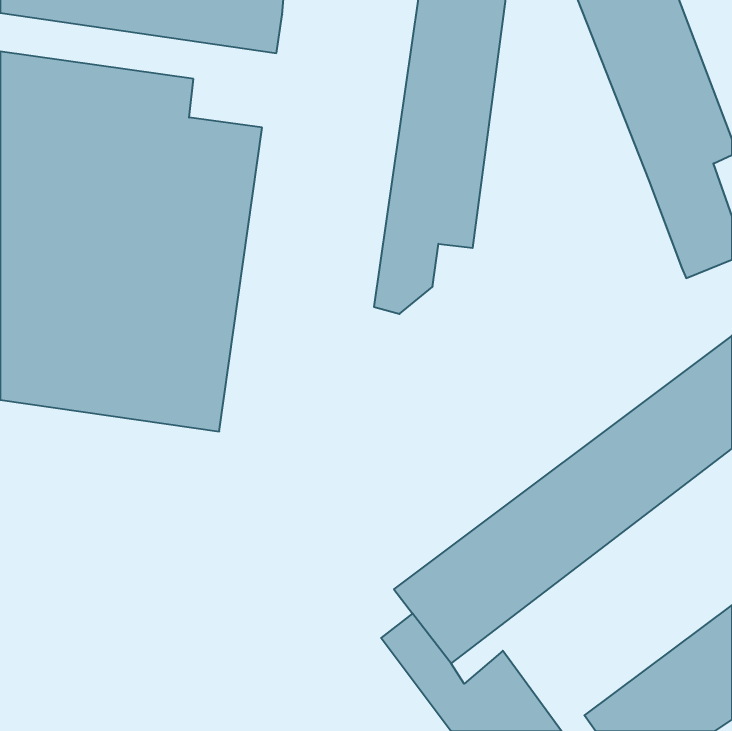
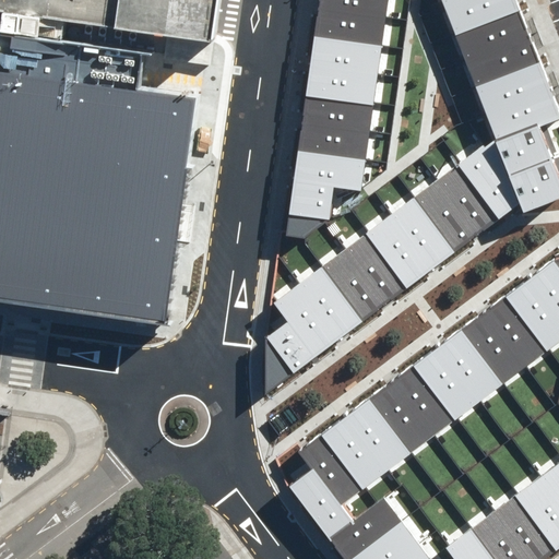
building: none -> [267,138,520,395]

